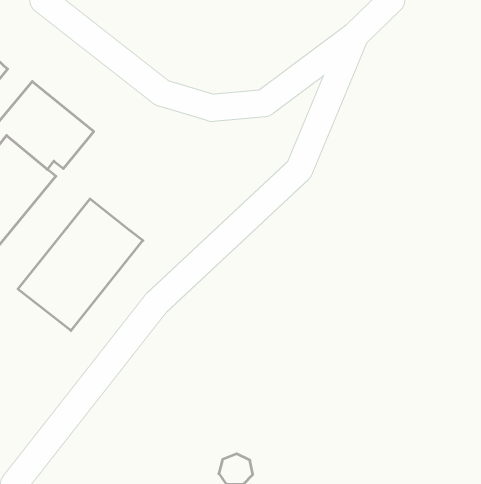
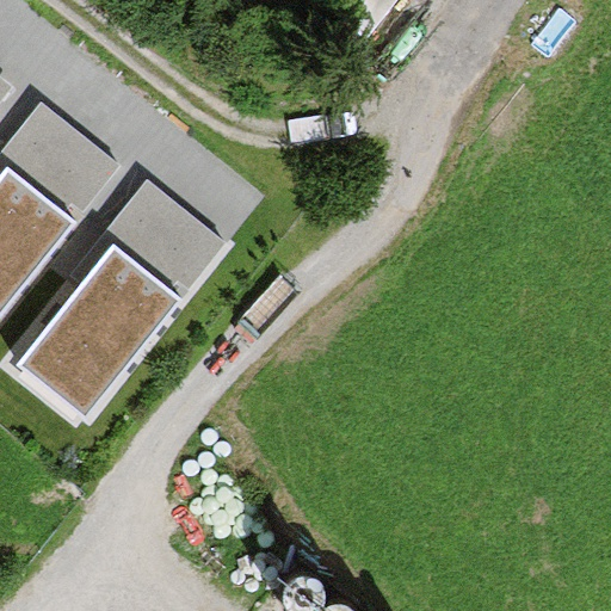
building: none -> [70,180,223,291]

